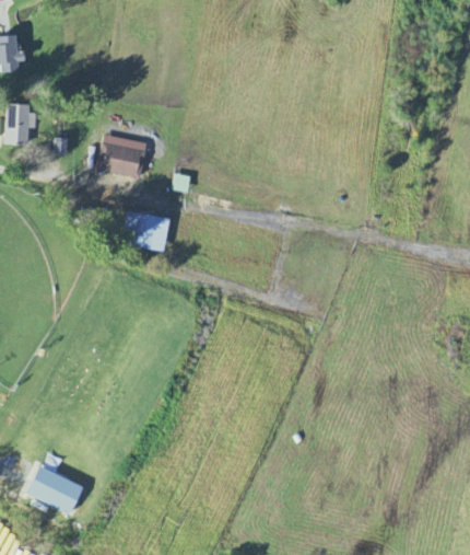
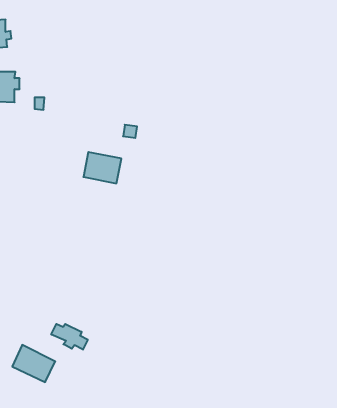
building: [98,135,148,178] -> none
building: none -> [51,324,88,350]

